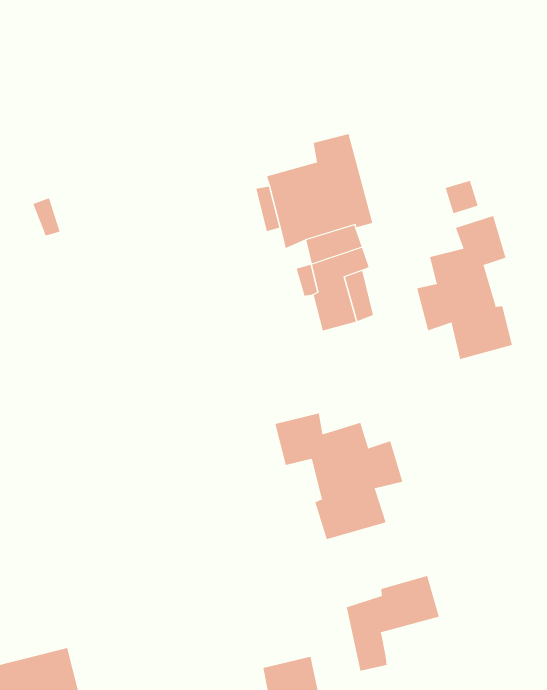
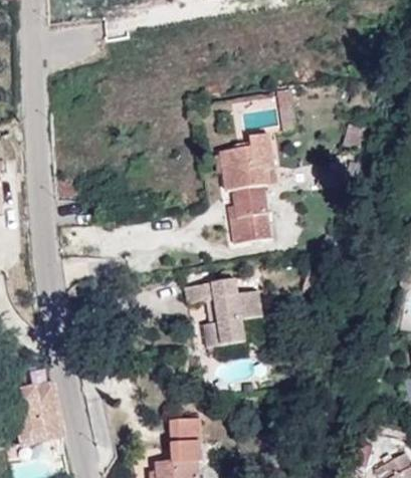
building: [416,215,512,360] -> none
building: [346,575,439,671] -> none

